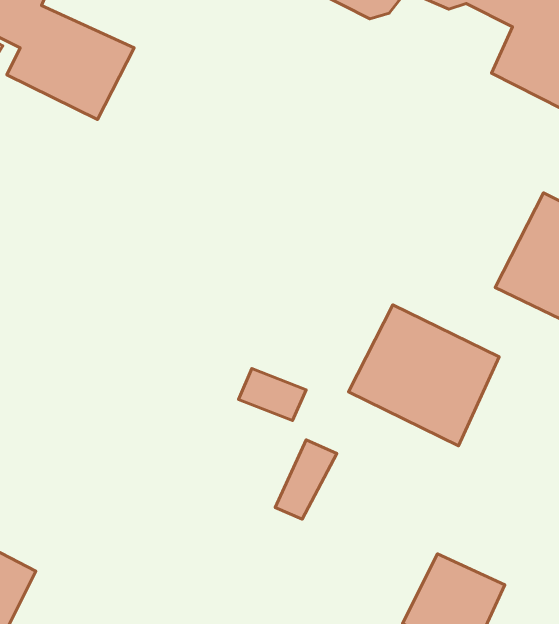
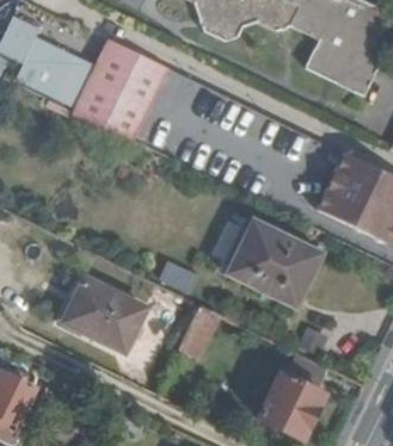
building: none -> [72,37,165,138]
building: none -> [66,275,146,347]

